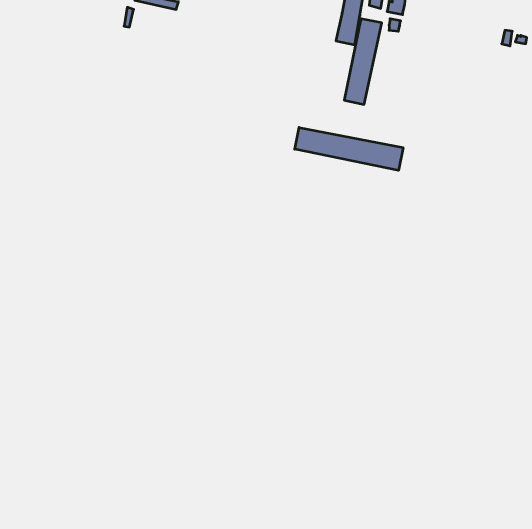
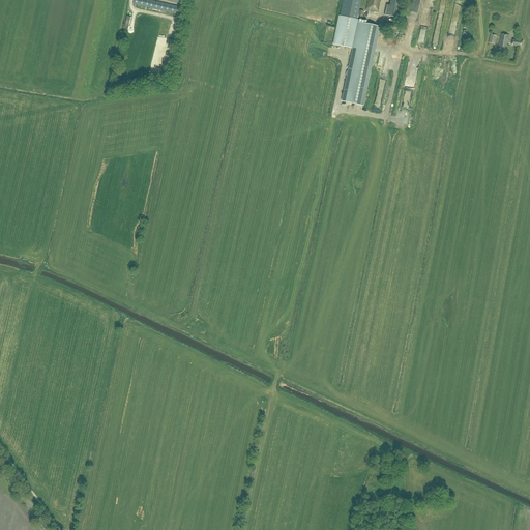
building: [295,127,403,170] -> none

